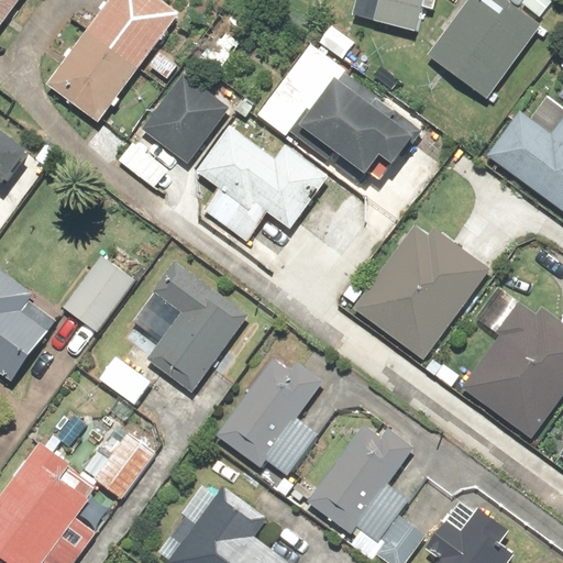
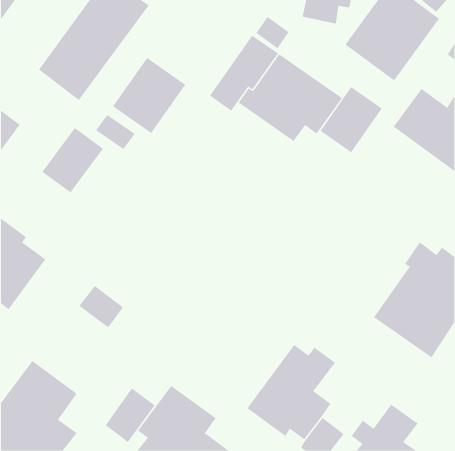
building: none -> [320,86,383,153]
building: [194,128,329,241] -> none
building: [351,225,492,364] -> none
building: [60,251,137,332] -> [41,127,104,193]
building: [145,266,246,390] -> none
building: [214,360,322,475] -> none
building: [92,431,155,499] -> [105,388,156,443]

